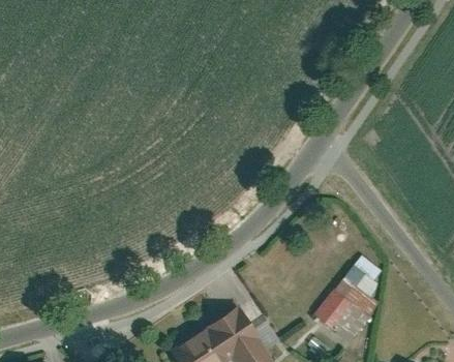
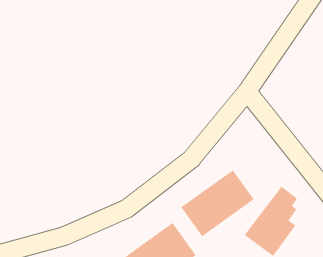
building: none -> [180,169,254,237]

